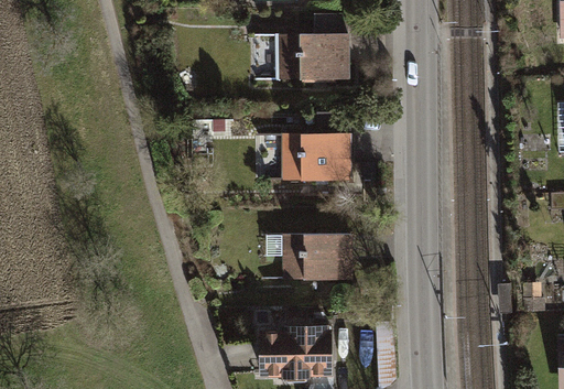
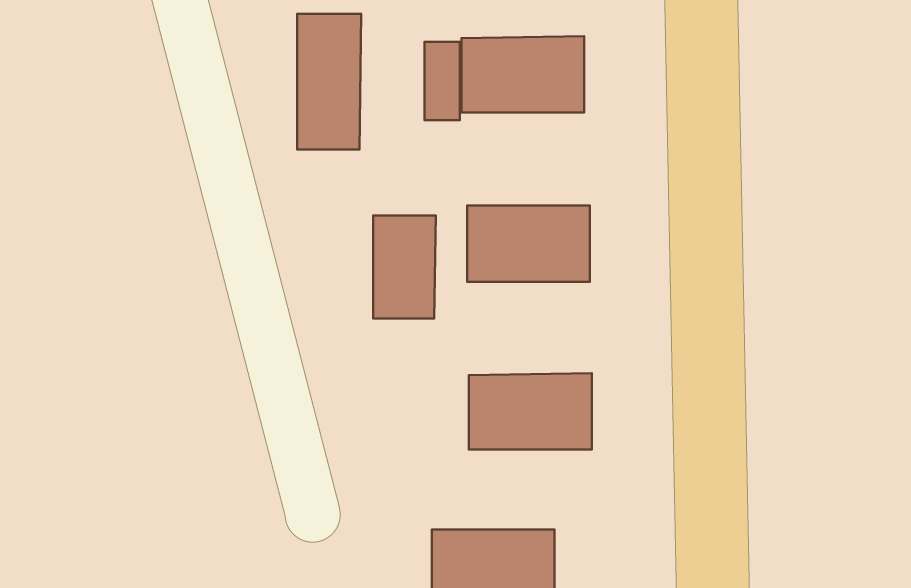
building: none -> [297,14,361,149]
building: none -> [373,216,436,318]

